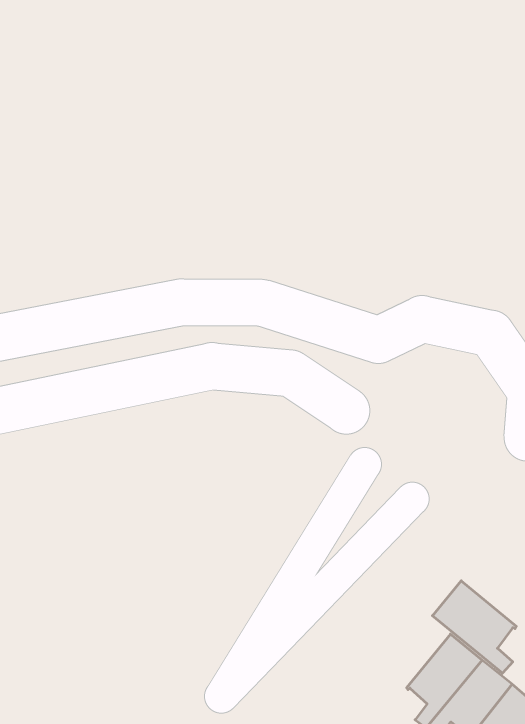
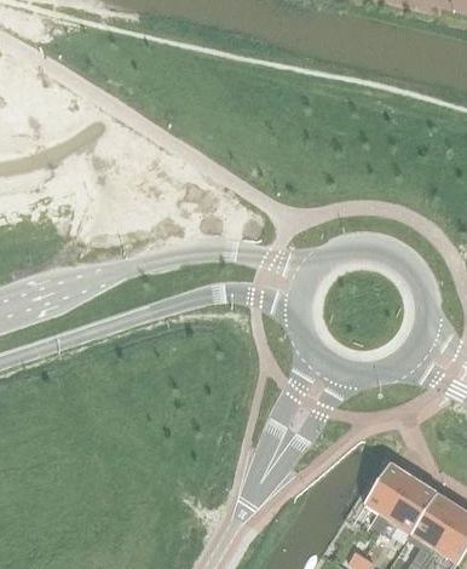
building: [432,581,516,673] -> none

